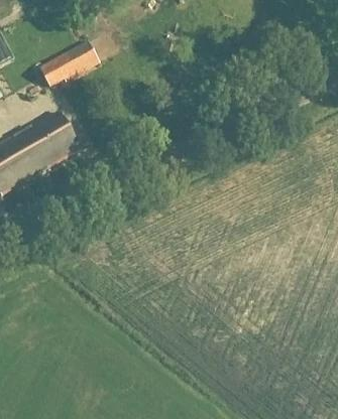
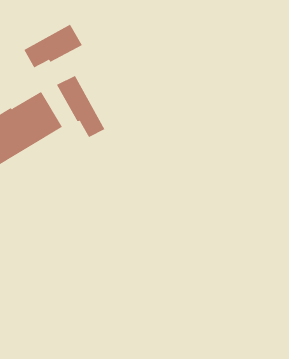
building: none -> [56,75,105,138]

